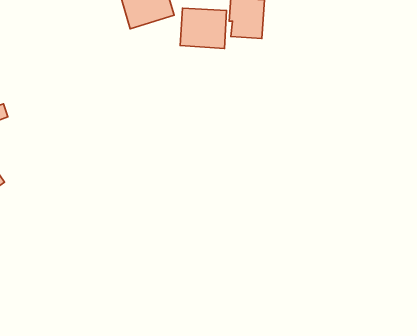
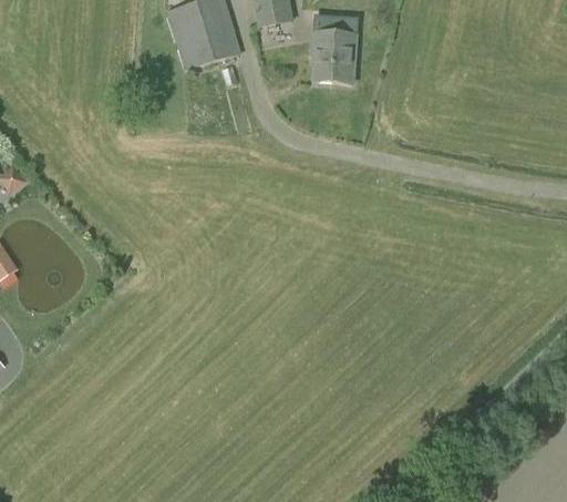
building: [180,8,226,49] -> none

